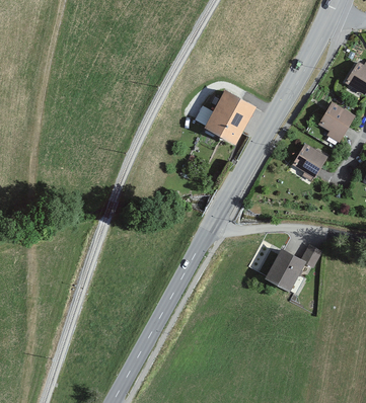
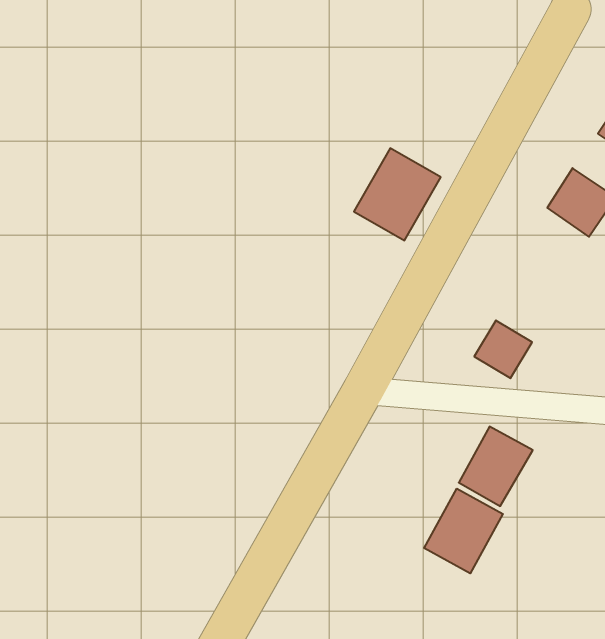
building: [295,145,327,177] -> [474,320,532,378]
building: none -> [424,489,503,573]

